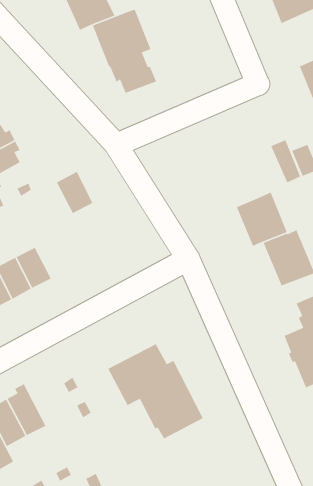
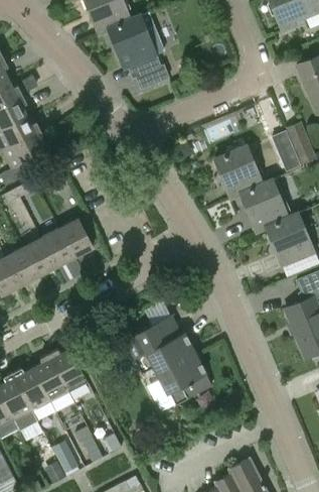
building: none -> [215,145,262,197]
building: [56,171,94,214] -> [58,219,93,258]
building: none -> [48,347,88,392]

